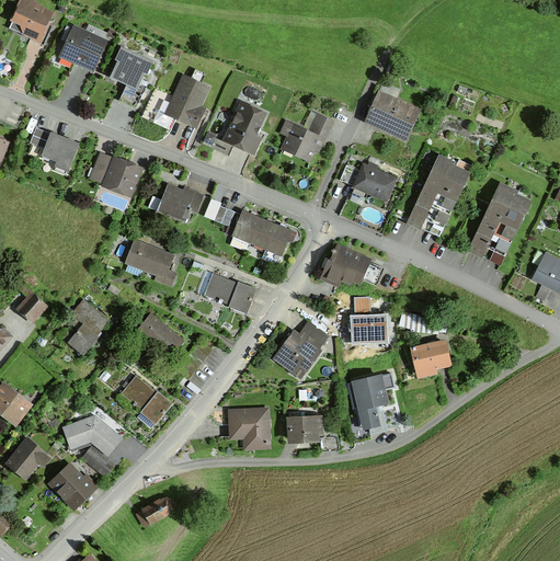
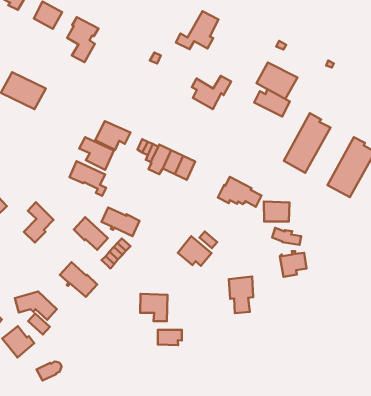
building: [167,76,207,126] -> none
building: [209,103,264,154] -> [176,11,219,49]
building: [94,152,140,194] -> [79,137,114,170]
building: [347,164,395,199] -> [254,89,290,117]
building: [205,273,255,309] -> [101,207,139,236]
building: [353,314,388,342] -> [264,202,289,221]
building: [288,416,321,438] -> [158,330,182,345]
building: [141,496,174,523] -> [37,362,62,381]

